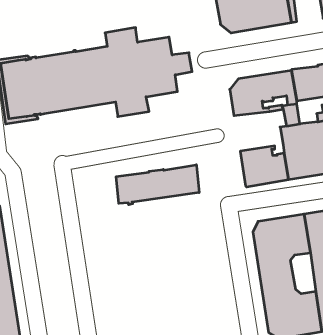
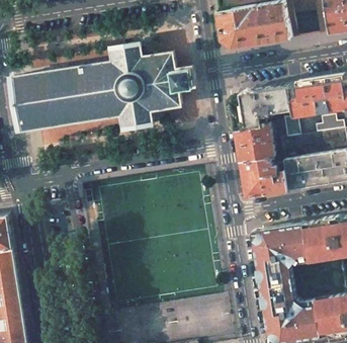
building: none -> [234,125,281,164]
building: [116,165,199,205] -> none

